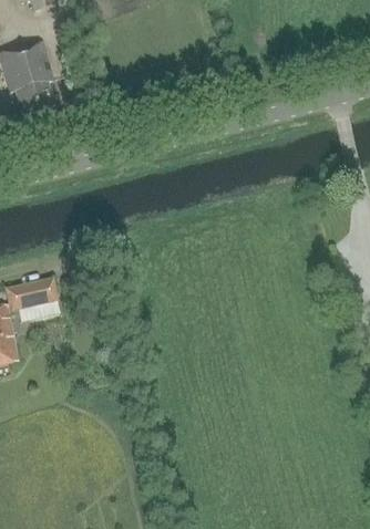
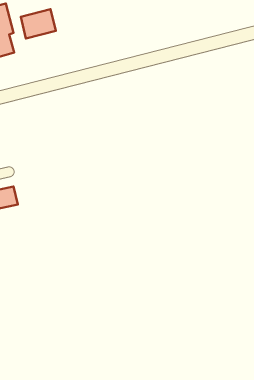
building: none -> [21,9,56,39]

